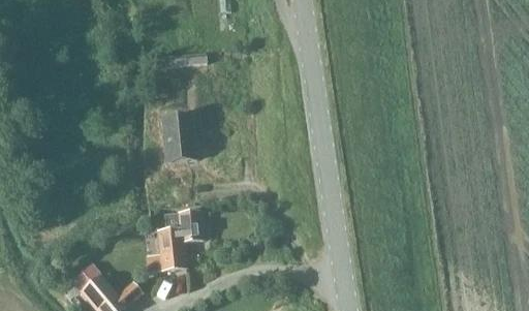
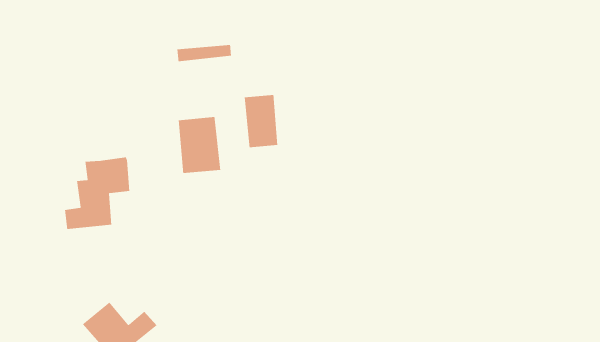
building: none -> [244,94,278,148]
building: [145,207,201,270] -> [64,157,130,230]

